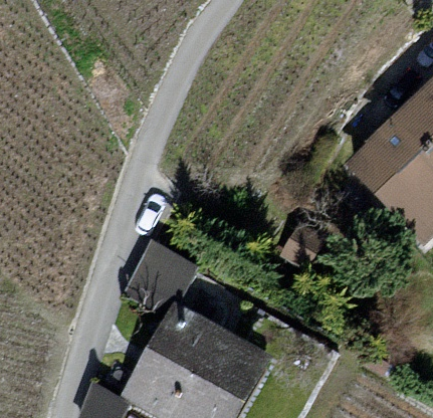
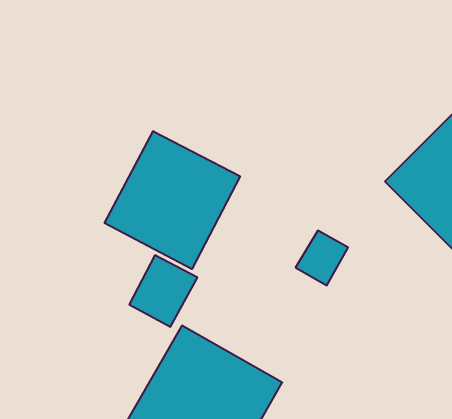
building: none -> [105,131,240,269]

